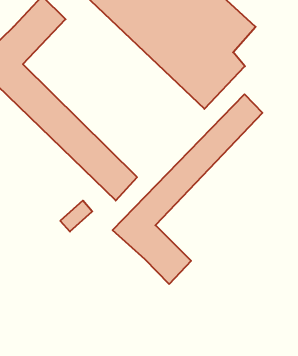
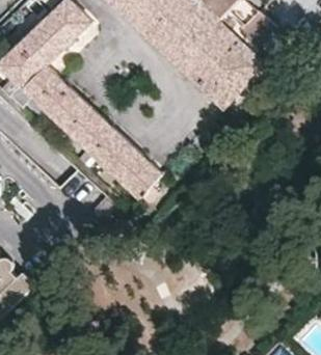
building: [113,94,262,284] -> none

